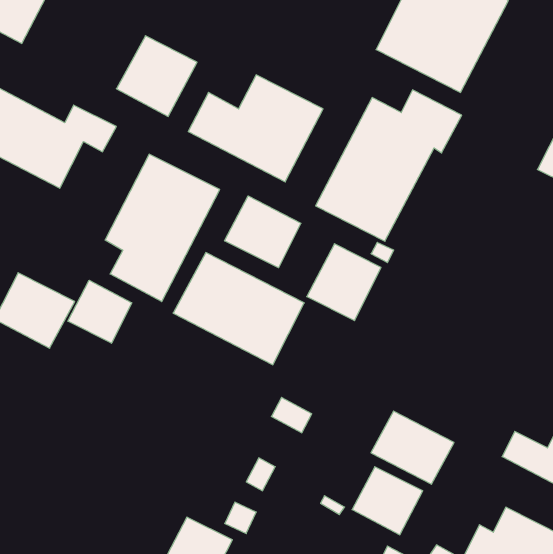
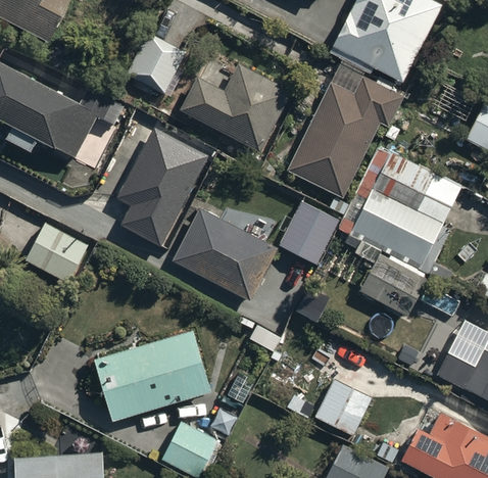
building: none -> [350,152,462,274]
building: [225,196,301,268] -> none
building: [68,280,132,343] -> none
building: none -> [93,331,212,423]
building: [371,411,454,484] -> [360,256,428,316]

